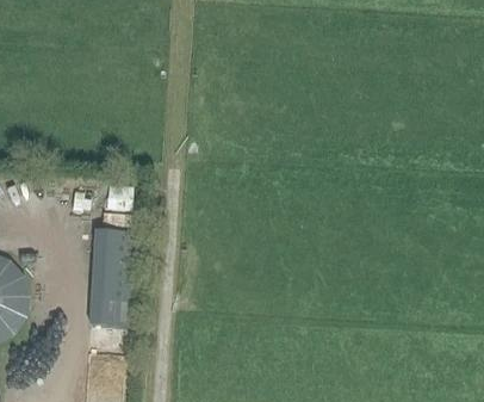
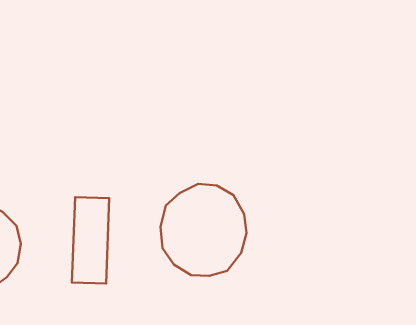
building: none -> [161,184,247,276]

